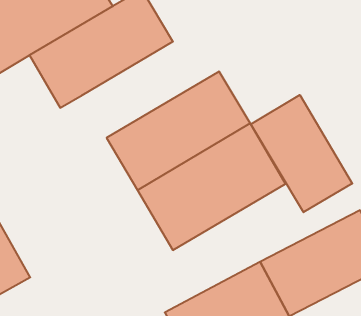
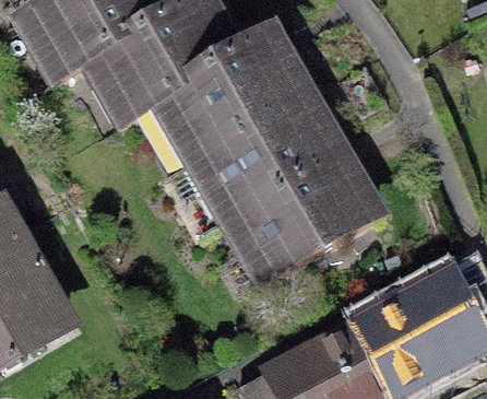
building: none -> [145,37,310,168]
building: [251,95,352,212] -> none

